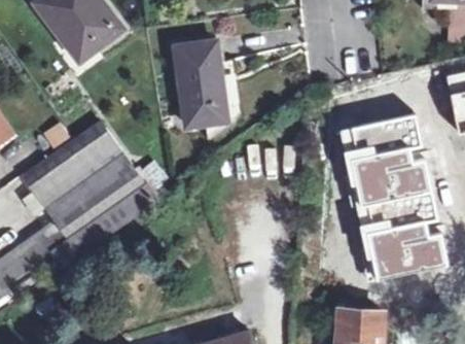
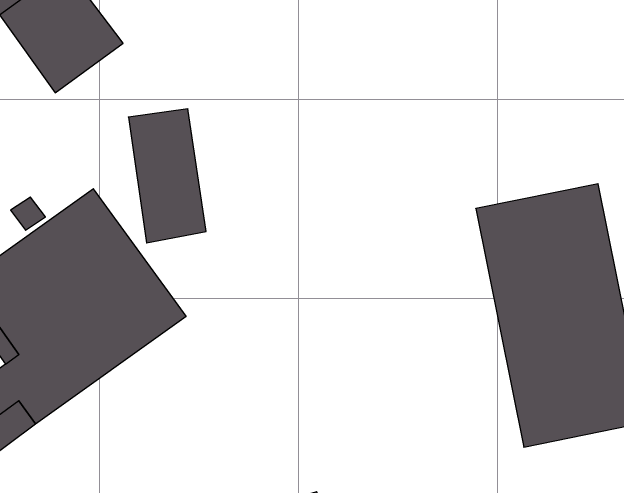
building: [176,42,224,126] -> [128,109,206,243]

